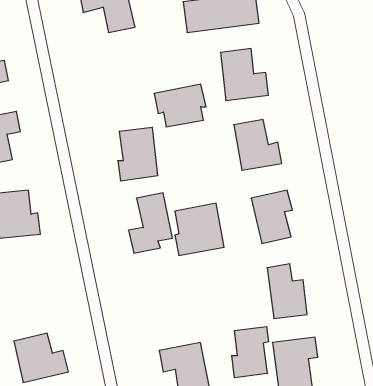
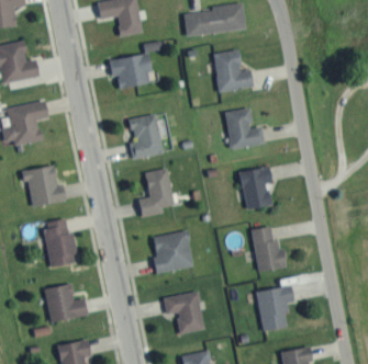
building: [154,84,206,127] -> [109,53,152,88]
building: [175,203,224,255] -> [153,230,193,273]
building: none -> [43,218,77,266]
building: [232,327,268,378] -> none

